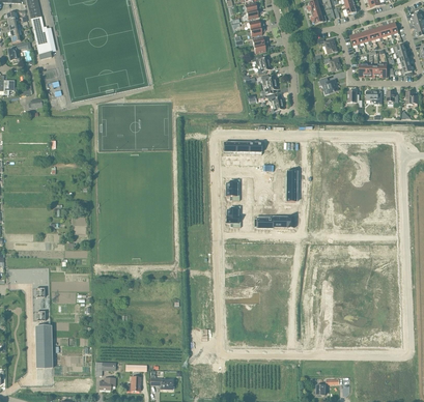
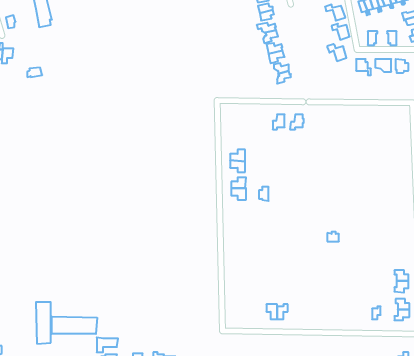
building: none -> [52,316,97,334]

